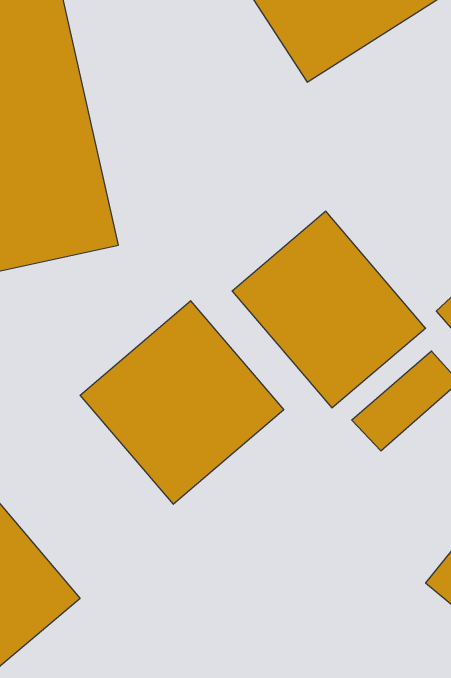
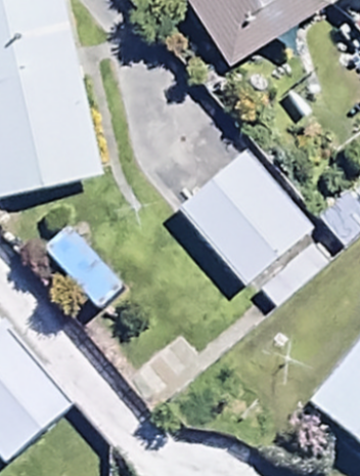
building: [80,301,284,504] -> none

